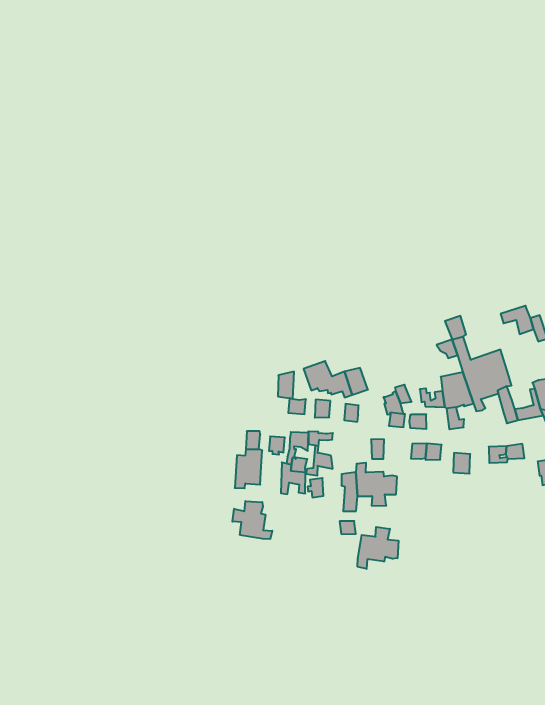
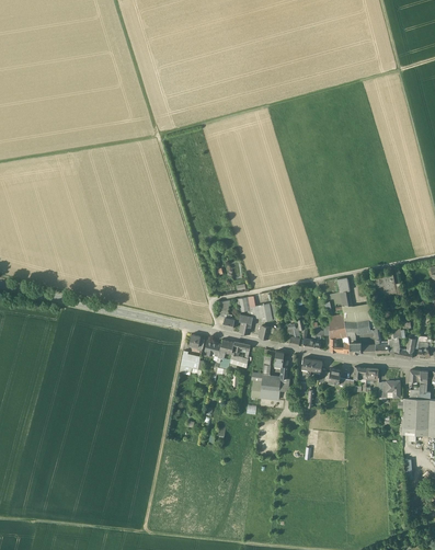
building: [232,501,272,539] -> none
building: [358,527,398,569] -> none

